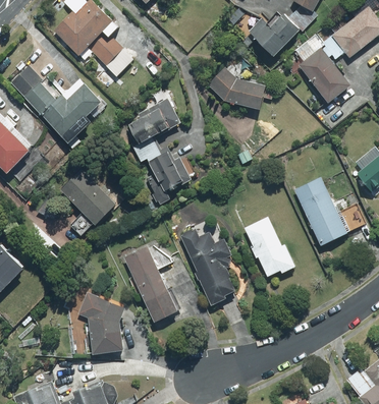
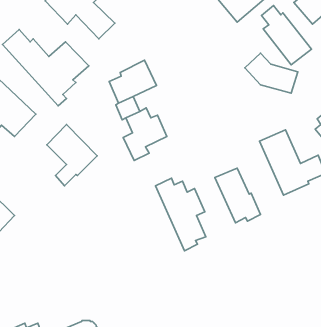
building: [208,67,266,111] -> [245,53,298,93]
building: [123,245,178,323] -> none
building: [79,293,124,355] -> none

